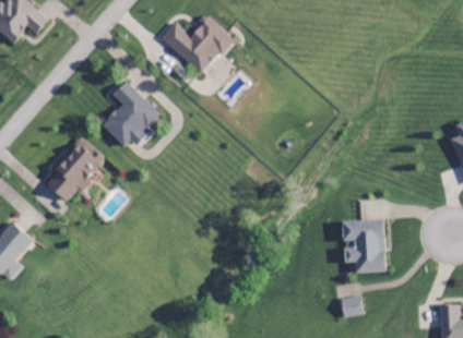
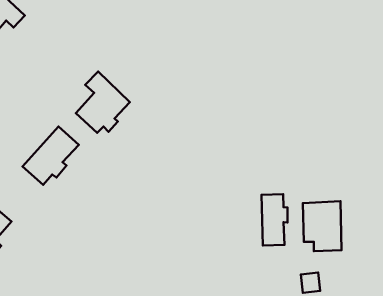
building: [161,14,234,73] -> none
building: none -> [261,194,287,245]

